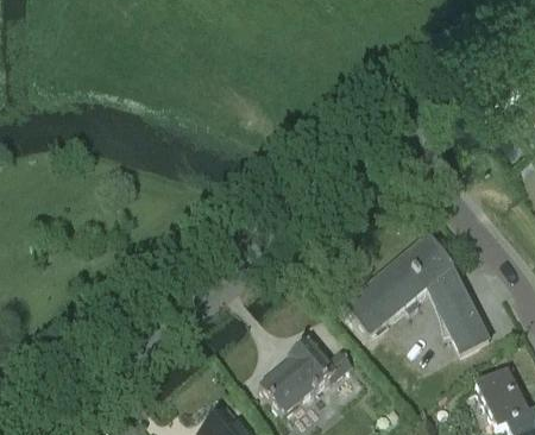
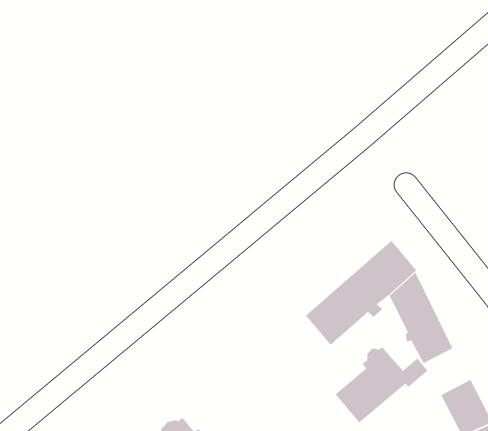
building: [259,339,351,414] -> [335,347,429,423]

